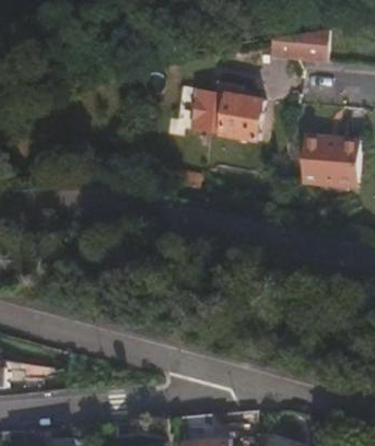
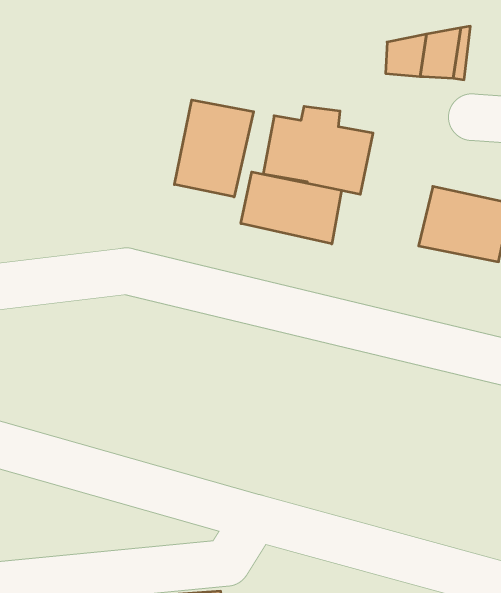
building: none -> [174,100,254,197]
building: none -> [241,172,342,244]

